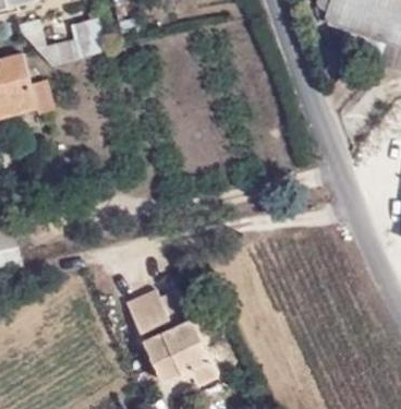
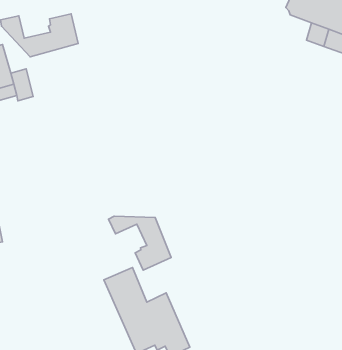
building: none -> [109,216,171,270]

